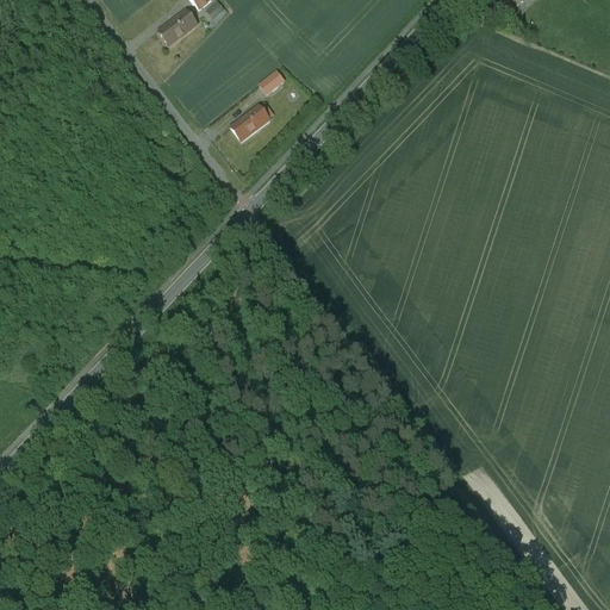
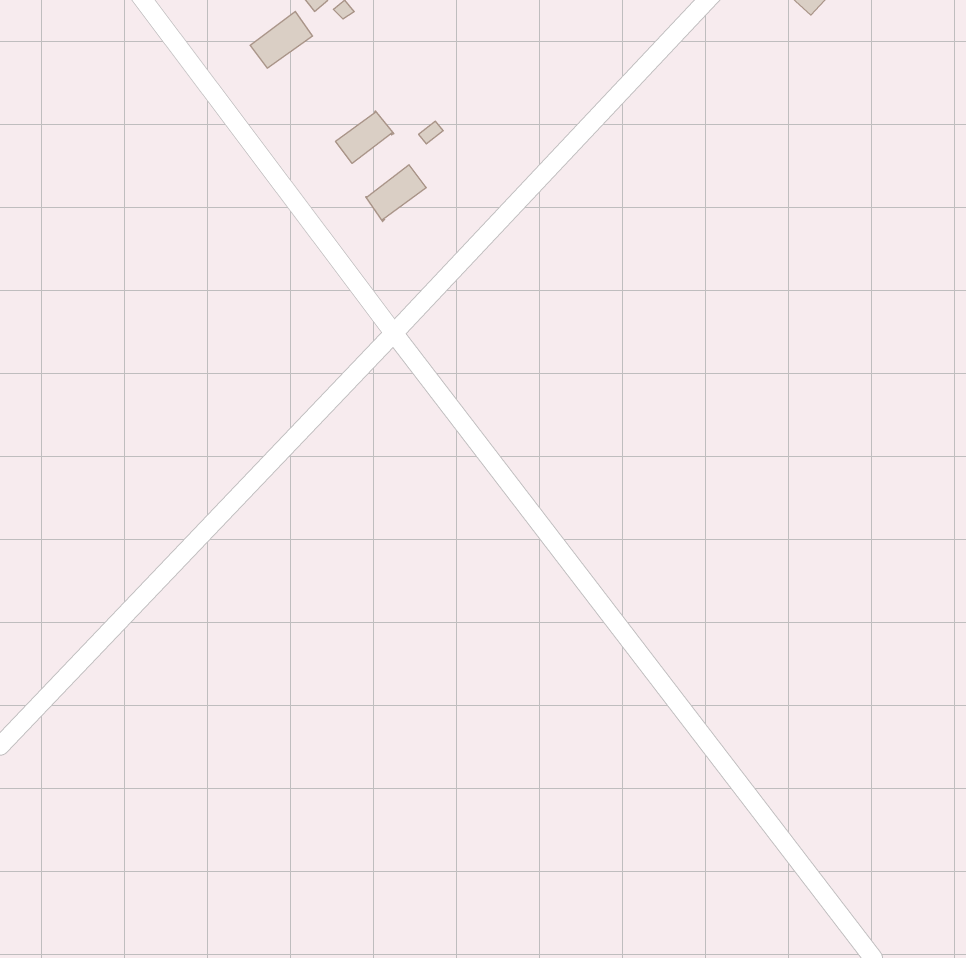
building: none -> [336,111,394,163]

